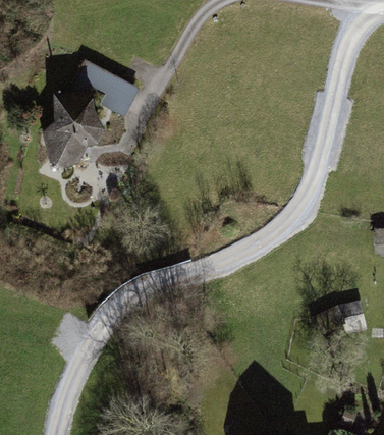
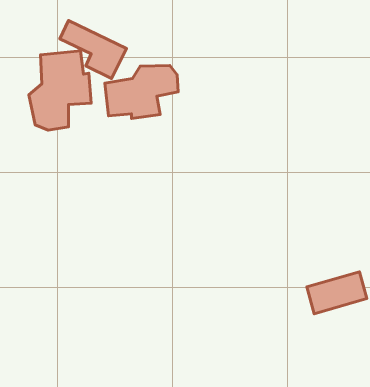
building: none -> [105,65,178,118]

